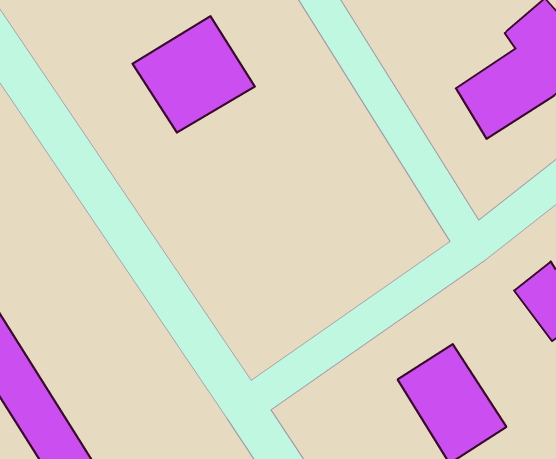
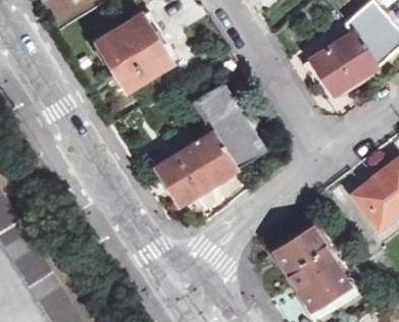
building: none -> [150,85,266,206]

